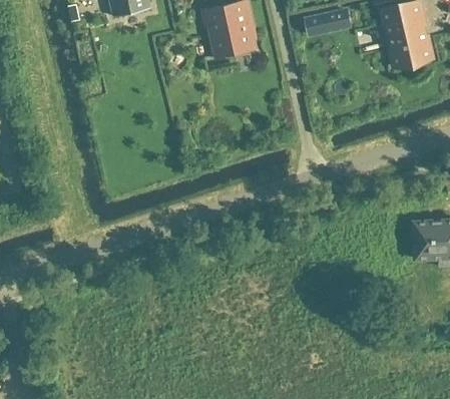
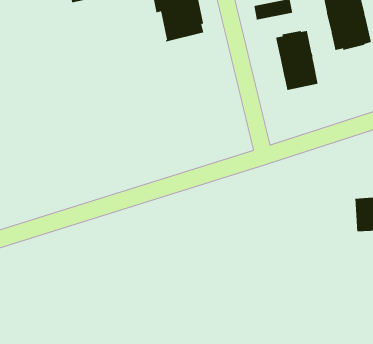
building: none -> [275,30,318,91]

